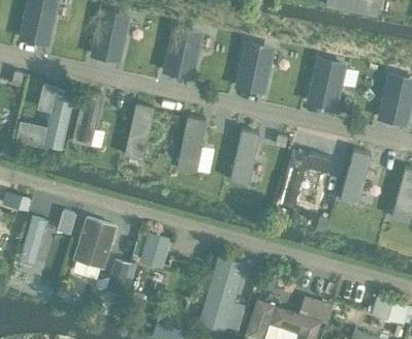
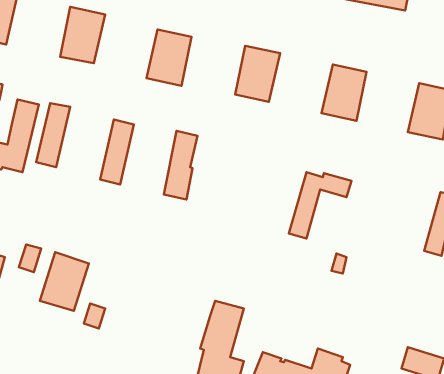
building: [230,129,258,185] -> none
building: [342,155,377,210] -> none
building: [134,233,171,266] -> none

